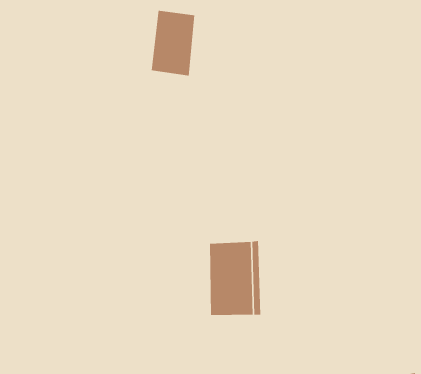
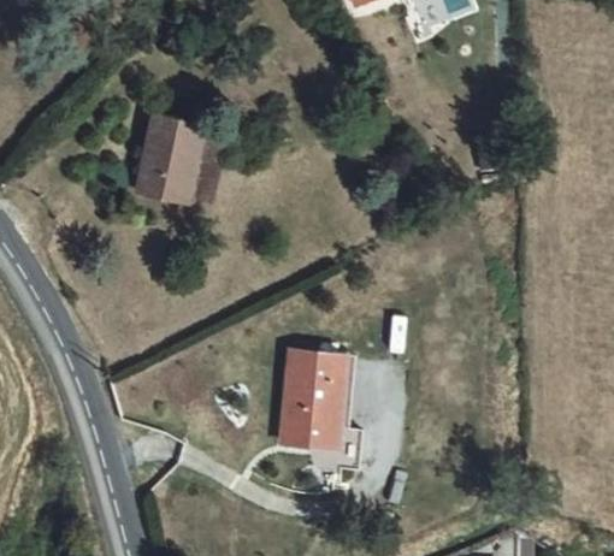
building: [151,10,195,76] -> [143,122,208,211]

